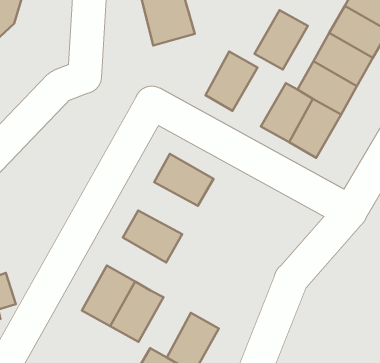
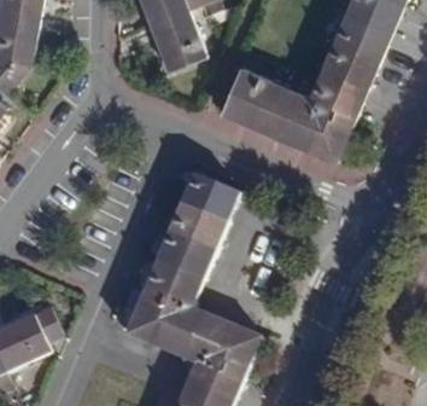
building: [255,10,308,69] -> [250,80,298,137]
building: none -> [170,202,227,249]
building: none -> [146,259,203,307]
building: none -> [185,312,232,370]

